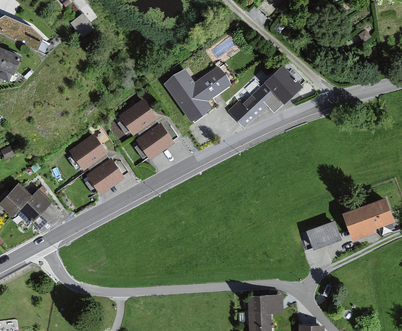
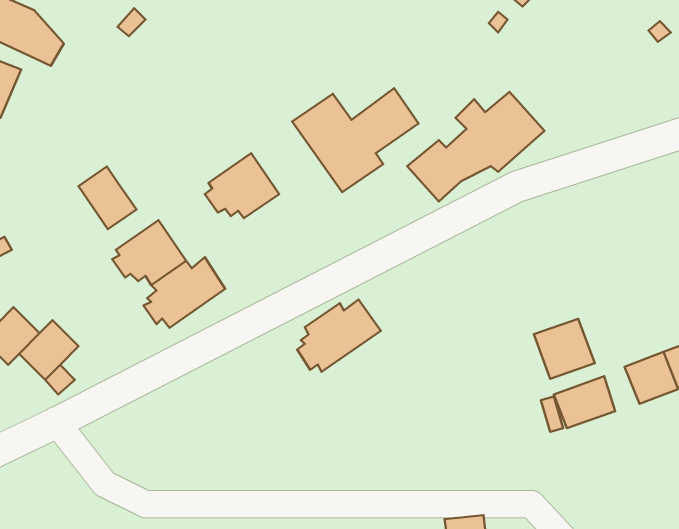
building: none -> [78,167,136,229]
building: [135,120,180,159] -> [297,299,381,372]
building: none -> [534,319,595,379]

